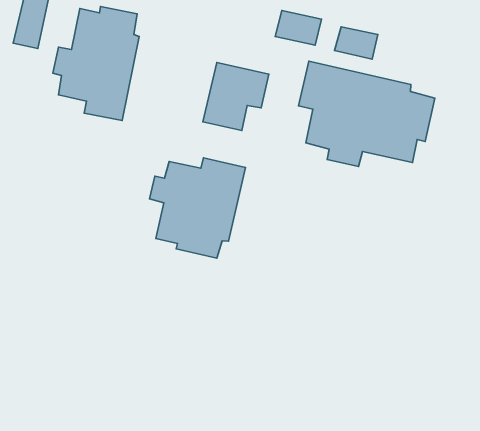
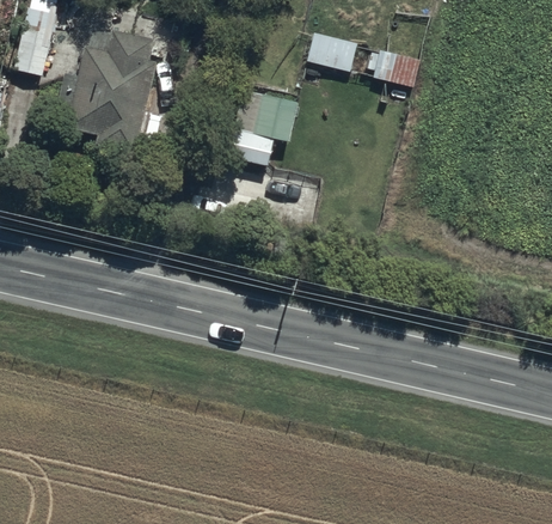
building: [298,61,435,167] -> none
building: [150,158,245,258] -> none

